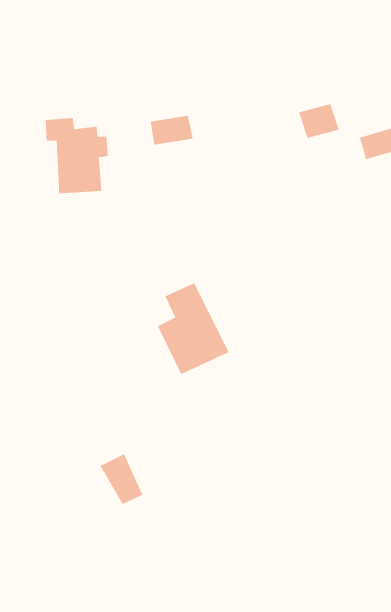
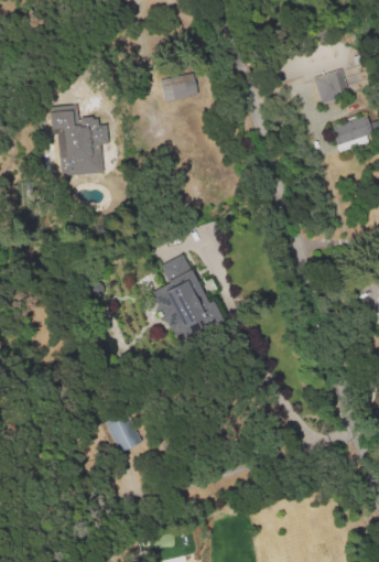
building: [298,104,339,139] -> [314,71,350,101]
building: [150,115,193,145] -> [161,75,199,101]

